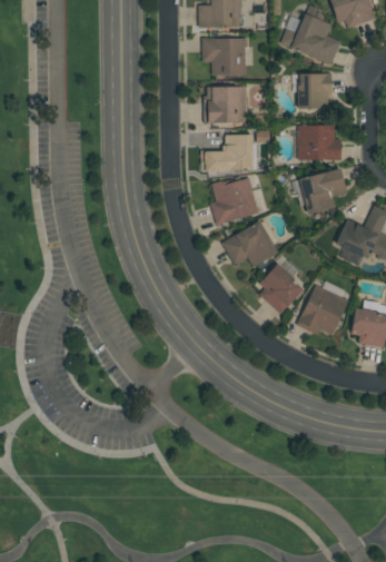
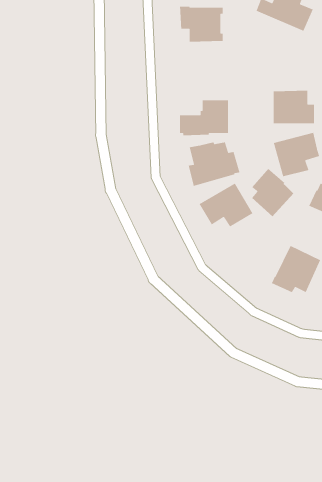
building: [297,73,331,109] -> none
building: [204,87,246,124] -> none
building: [259,264,304,315] -> [251,168,294,217]

